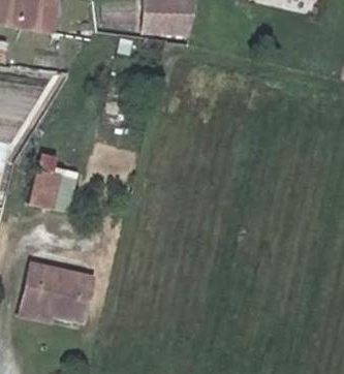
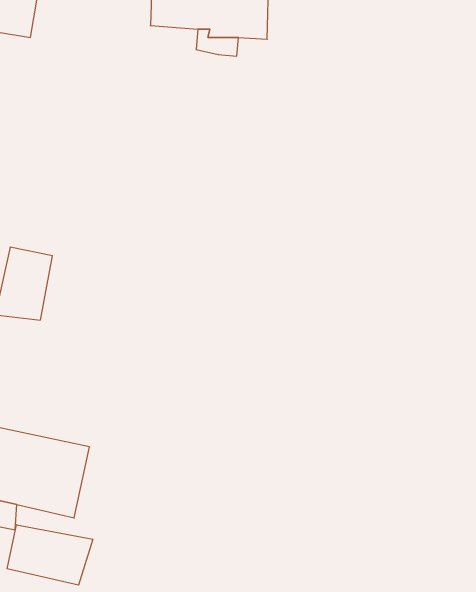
building: none -> [7,525,93,585]

